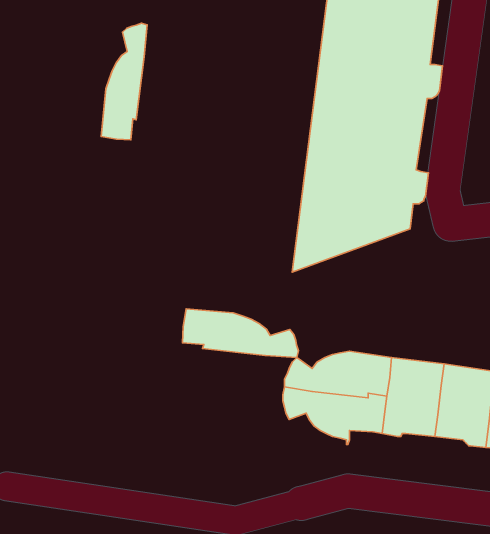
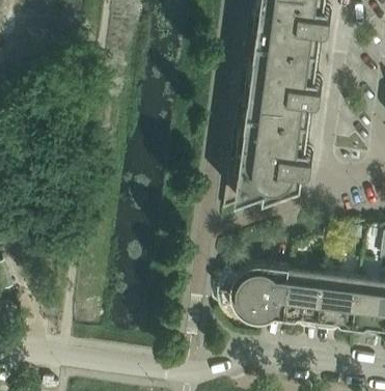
building: [101,23,147,140] -> none
building: [183,309,299,358] -> none

